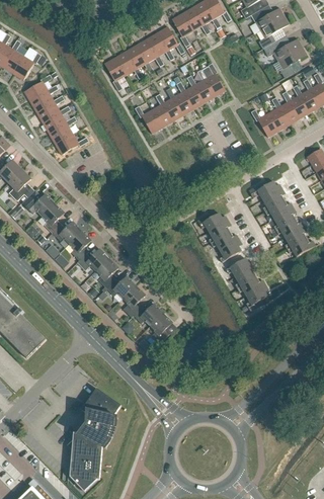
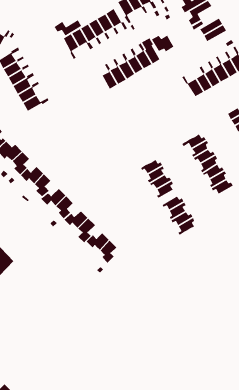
building: none -> [54,19,82,37]
building: none -> [151,35,175,53]
building: [134,100,162,133] -> none
building: [69,387,120,491] -> none

